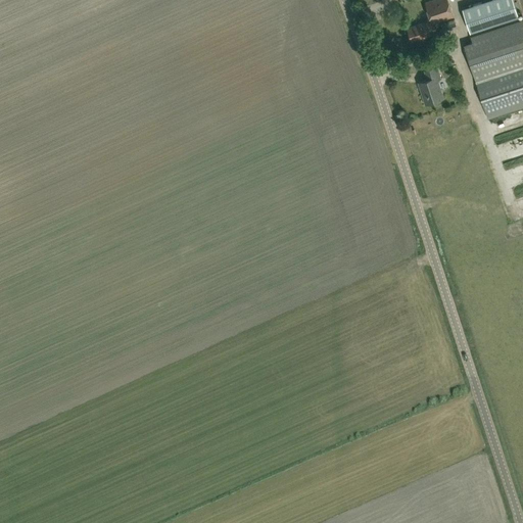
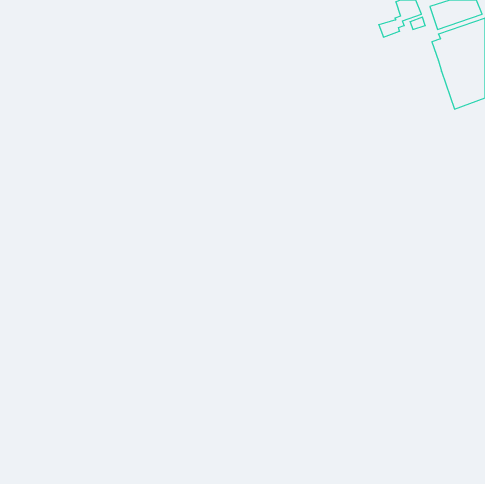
building: [419,66,443,104] -> none

